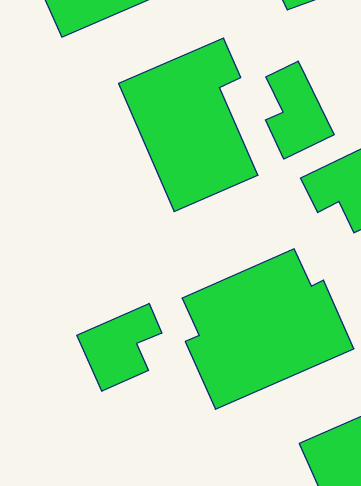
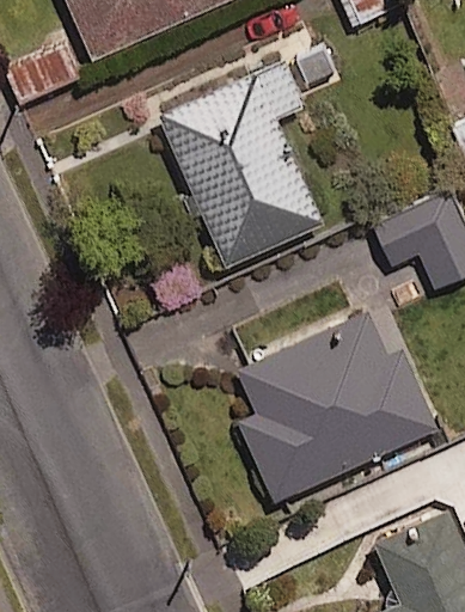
building: [265,61,334,159] -> none
building: [77,303,162,391] -> none

